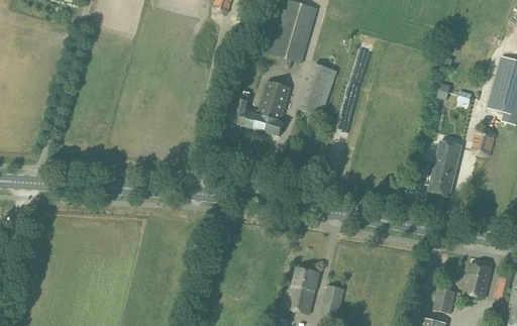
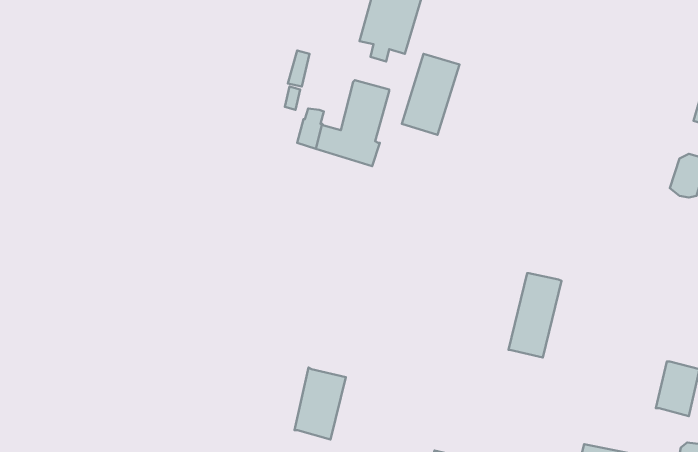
building: [428,139,462,194] -> [508,273,561,358]
building: [287,266,320,313] -> [294,368,346,439]
building: [322,285,344,315] -> none
building: [435,287,455,312] -> none

